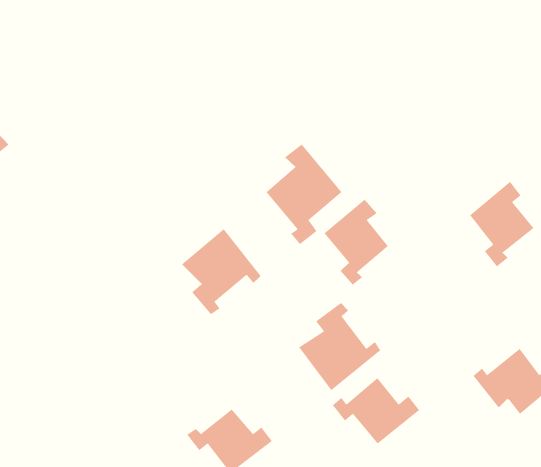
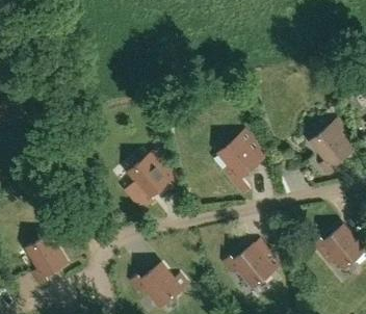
building: [266,143,343,245] -> none
building: [298,302,381,391] -> none
building: none -> [26,231,67,284]

